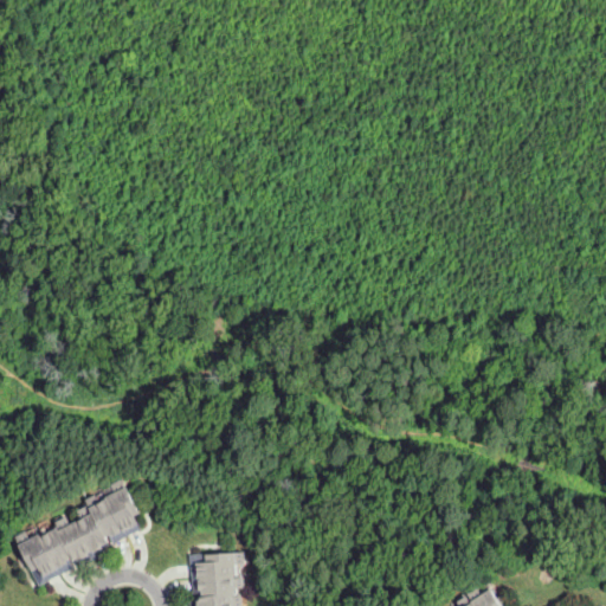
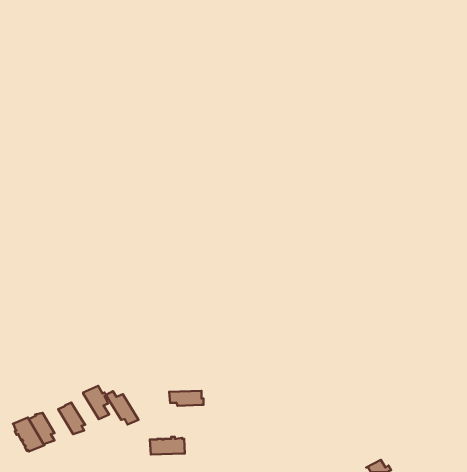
building: [85,499,127,542] -> [106,391,139,425]
building: [56,523,94,562] -> none
building: [193,580,237,599] -> [169,391,203,406]

